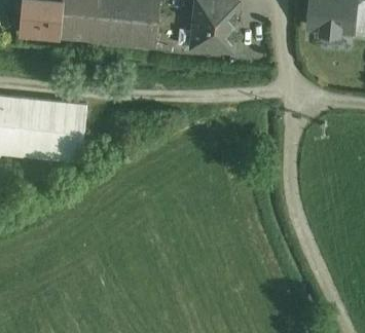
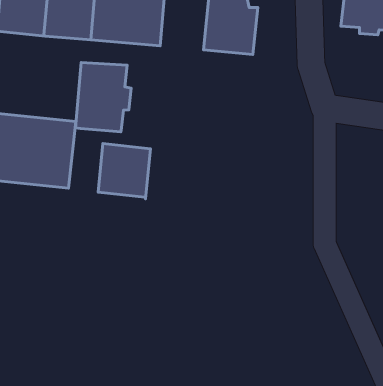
building: none -> [75,62,131,132]
building: none -> [98,143,151,199]

